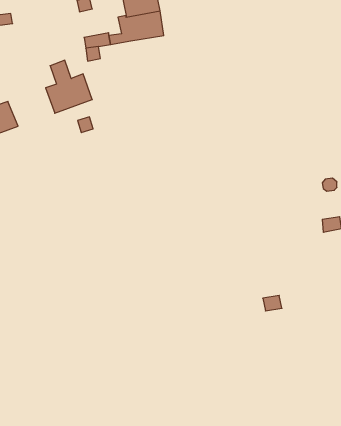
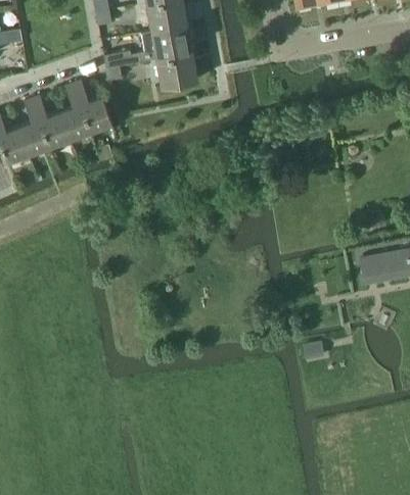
building: none -> [155,53,197,88]
building: none -> [18,96,71,154]

